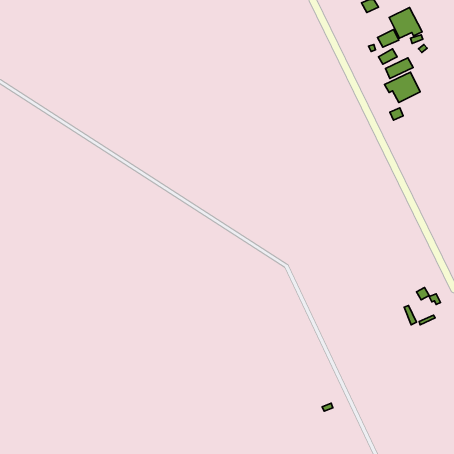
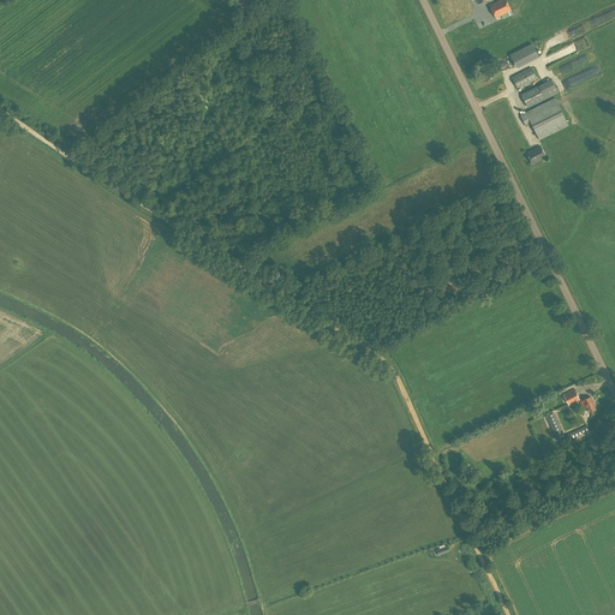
building: [389,7,422,38] -> none

